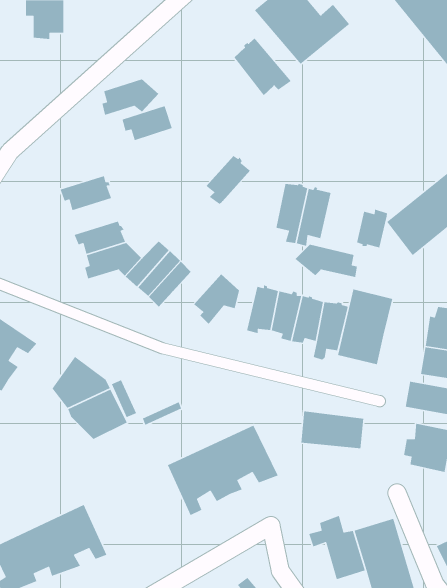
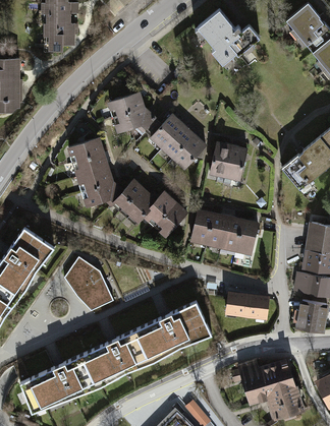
building: [233,38,292,96] -> none
building: [102,78,159,116] -> [116,108,154,132]
building: none -> [151,115,182,145]
building: none -> [175,135,205,169]
building: none -> [75,154,107,177]
building: [356,209,388,248] -> none
building: [295,244,358,278] -> none
building: none -> [143,191,174,223]
building: [337,289,393,365] -> none
building: none -> [85,327,154,386]

